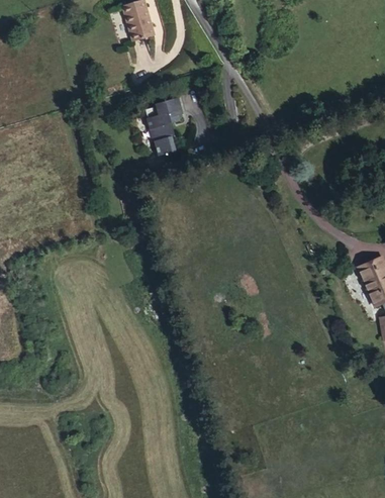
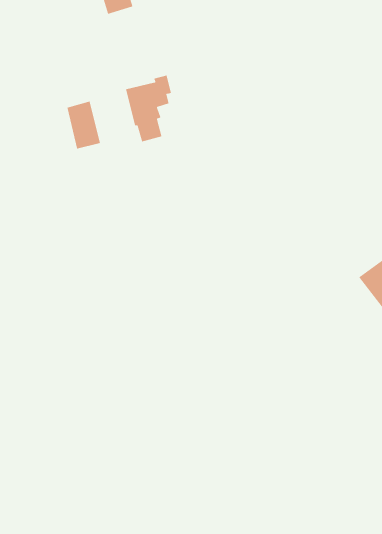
building: none -> [67,100,101,150]

